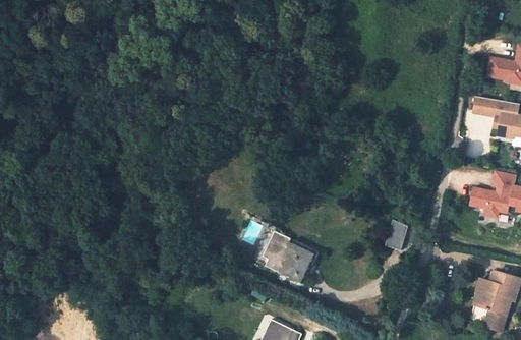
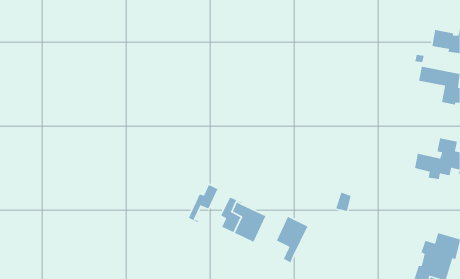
building: none -> [188,184,219,223]
building: none -> [276,216,308,263]

